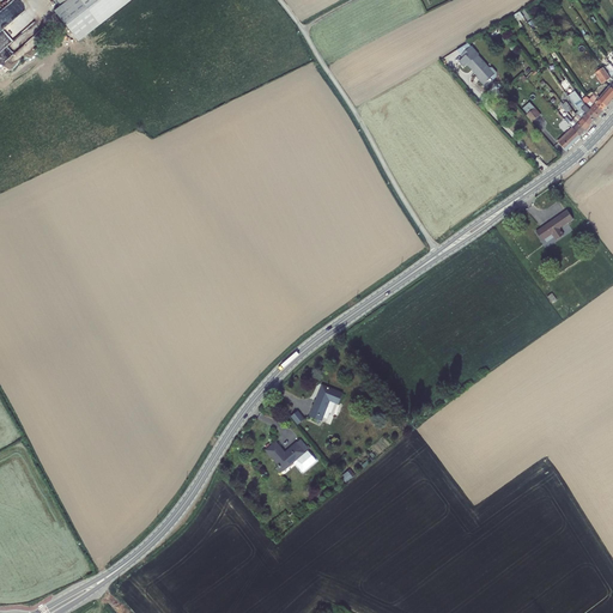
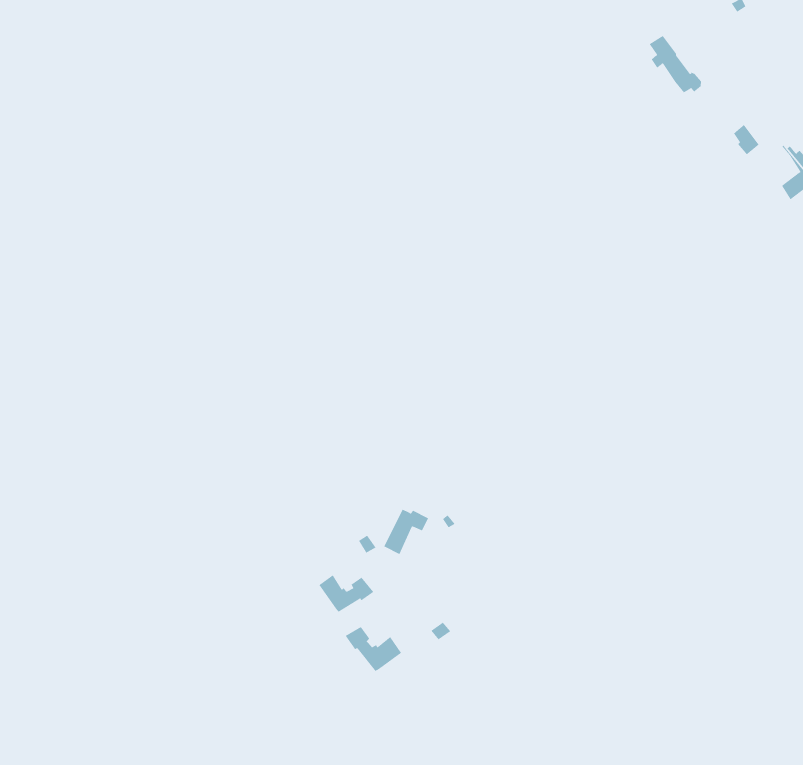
building: [536,207,575,238] -> none
building: none -> [345,626,402,672]

